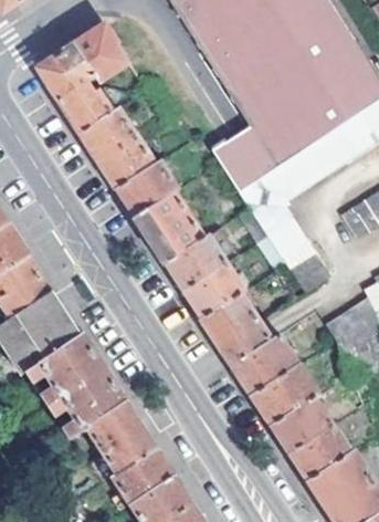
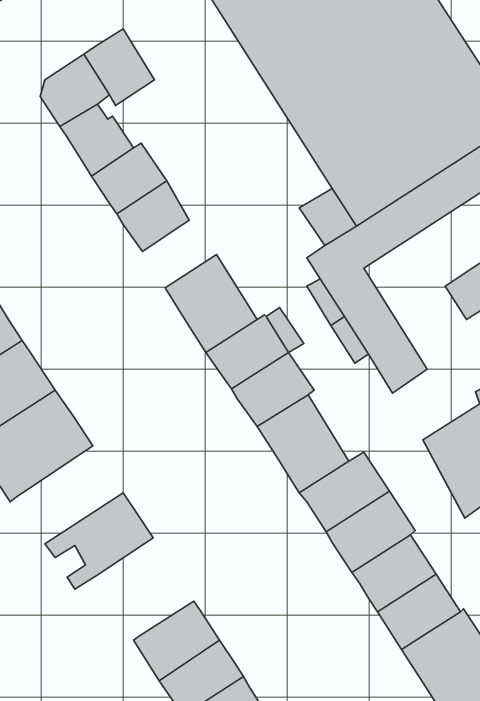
building: [116,160,175,215] -> none
building: [23,331,102,403] -> none
building: [84,398,154,470] -> none

